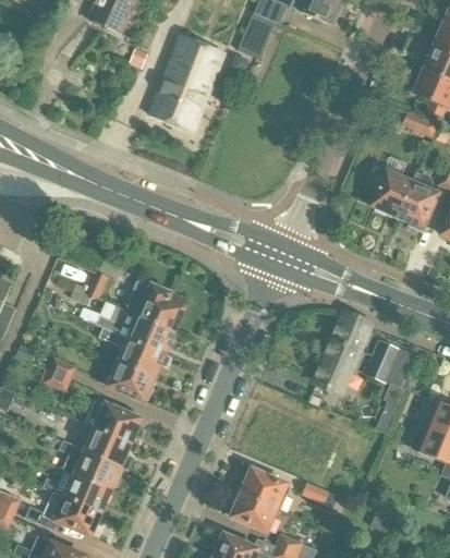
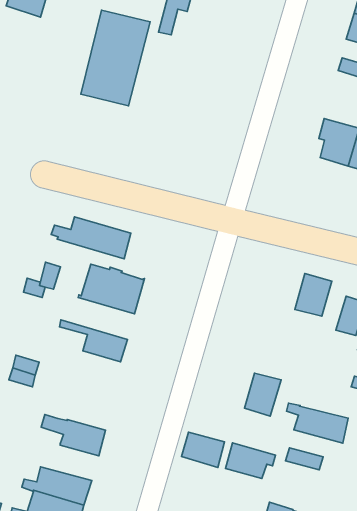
building: [96,310,173,356] -> [51,217,131,259]
building: [315,349,354,392] -> [244,373,281,416]
building: [109,362,154,400] -> none
building: [86,400,141,441] -> none
building: none -> [286,403,348,443]
building: [59,439,121,488] -> none
building: [232,494,276,532] -> [181,432,225,468]

